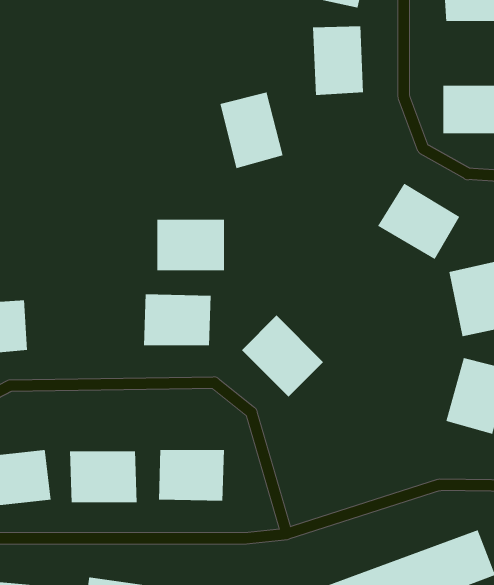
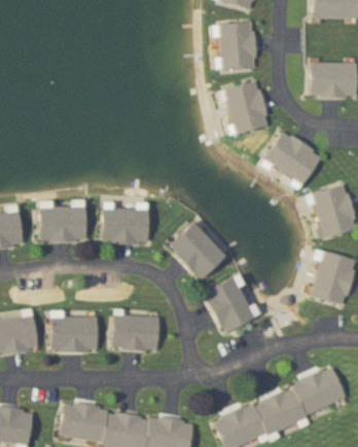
building: [220,92,283,169] -> [225,80,270,134]
building: [157,219,225,271] -> [39,207,86,243]
building: none -> [204,276,256,334]

